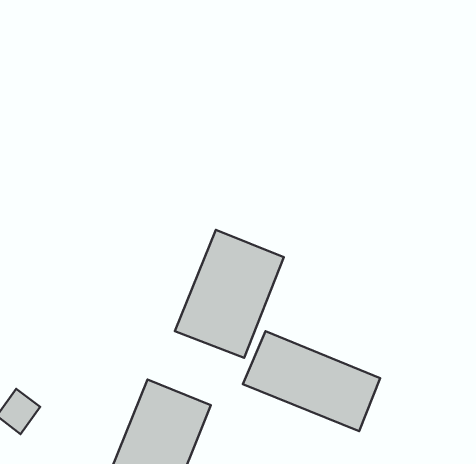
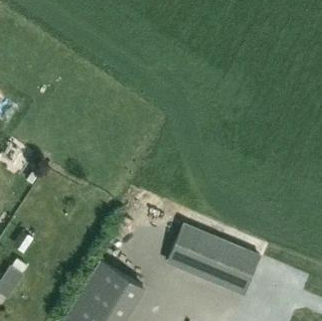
building: [175,230,284,358] -> none

